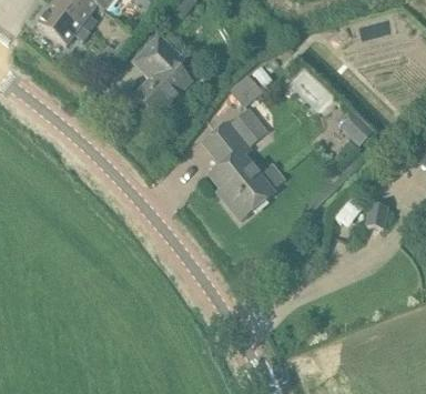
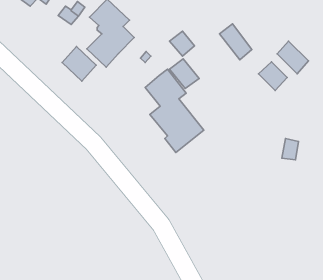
building: none -> [277,41,308,74]
building: none -> [62,46,96,81]

